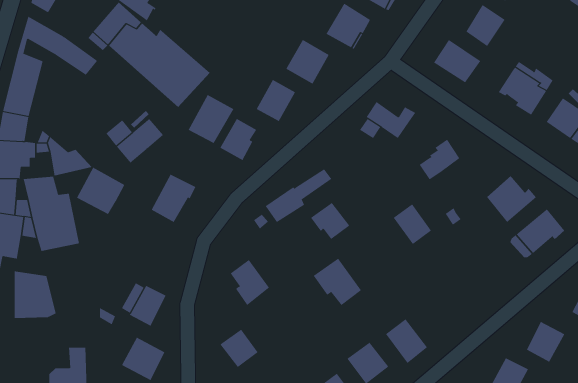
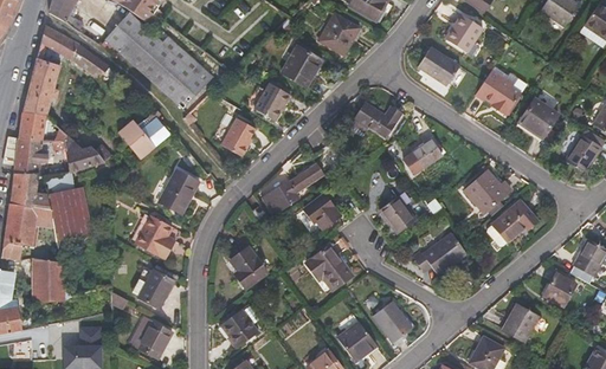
building: [188,94,234,144] -> none
building: [76,167,125,215] -> [136,214,181,258]
building: none -> [413,232,466,273]

